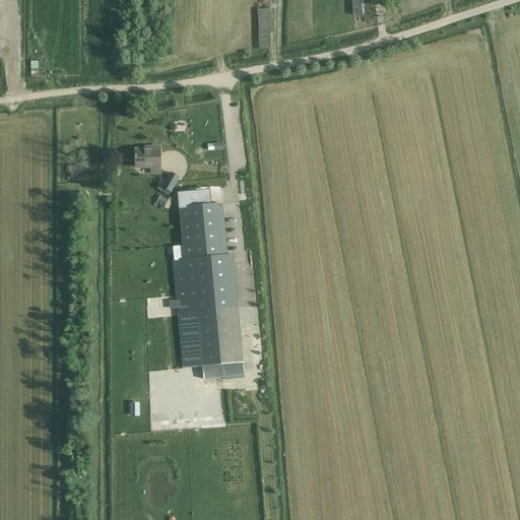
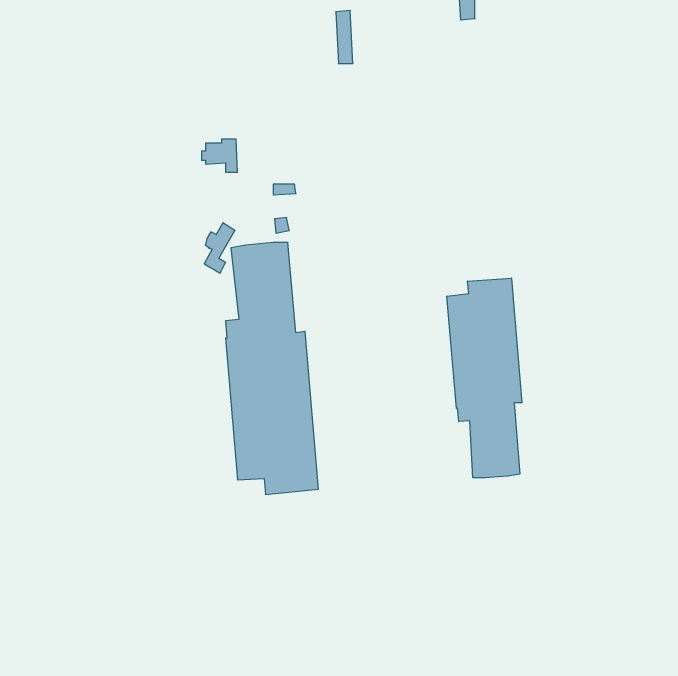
building: [133,147,160,173] -> [202,139,237,172]
building: none -> [447,278,522,478]

